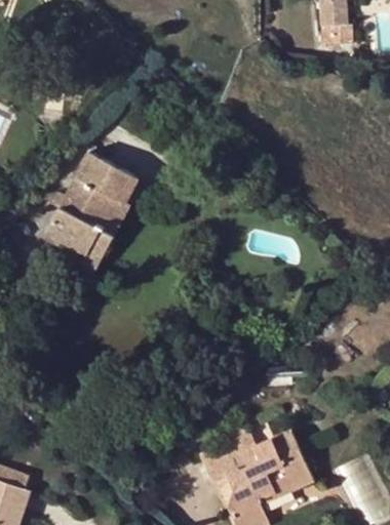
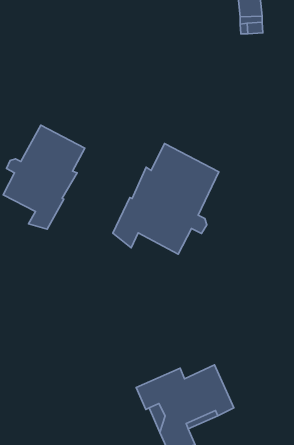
building: none -> [113,144,219,254]

